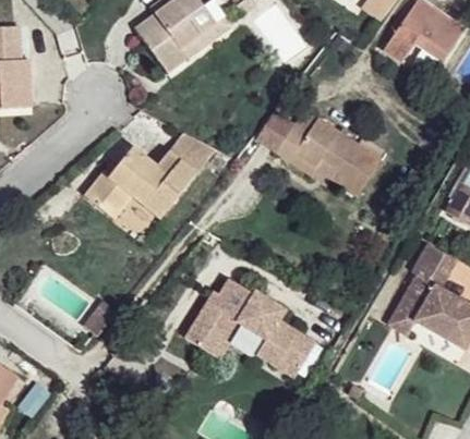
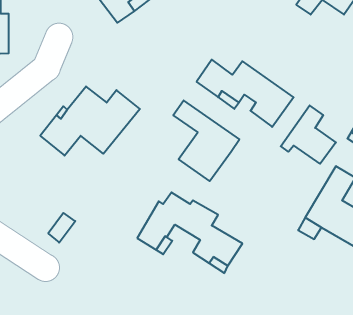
building: [165,135,209,175] -> none
building: none -> [173,100,239,181]
building: none -> [281,105,336,164]

